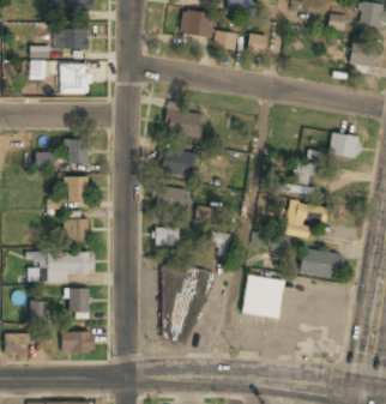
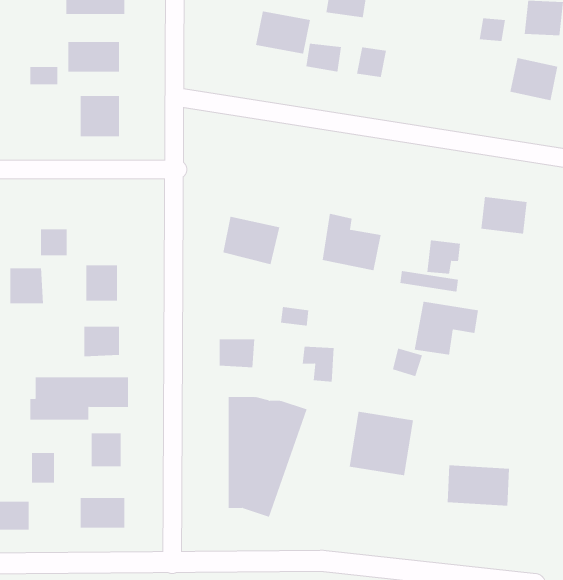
building: [164,100,204,138] -> [322,213,381,271]
building: [66,140,89,164] -> [9,268,44,304]
building: [151,182,192,216] -> none
building: [300,249,342,277] -> [447,465,510,506]

